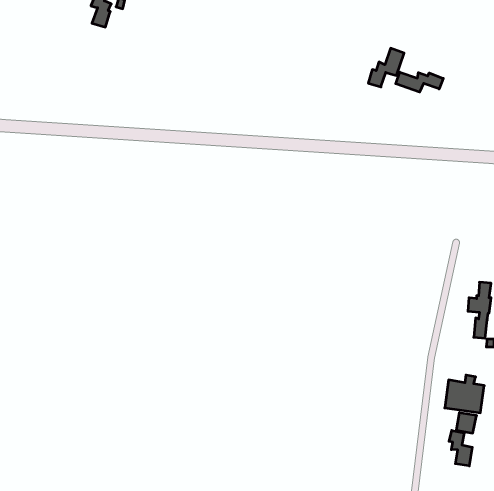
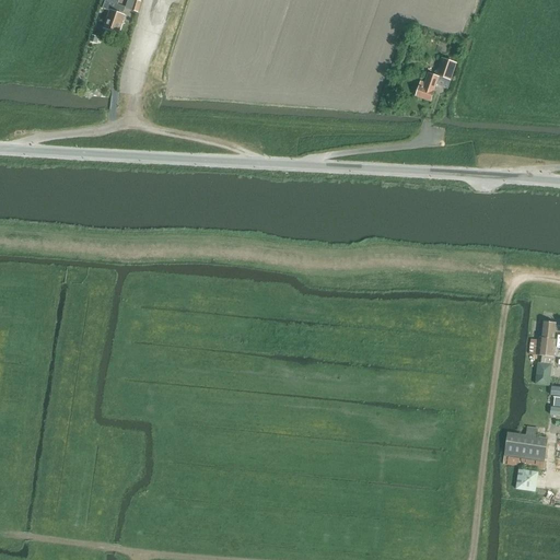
building: [396,72,443,92] -> none
building: [449,430,472,466] -> none

